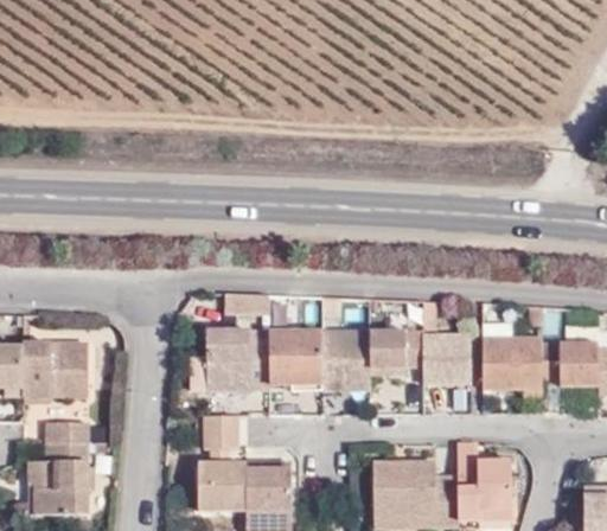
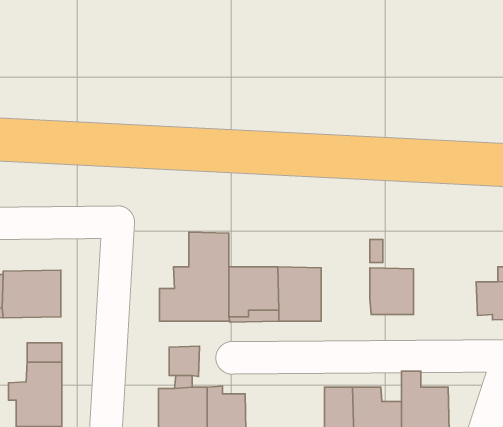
building: [480,330,541,398] -> none
building: [370,332,423,373] -> none

